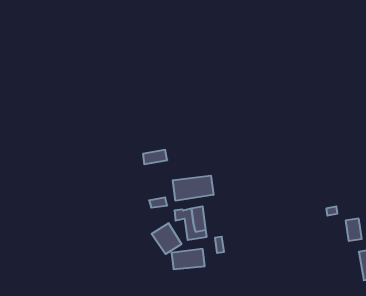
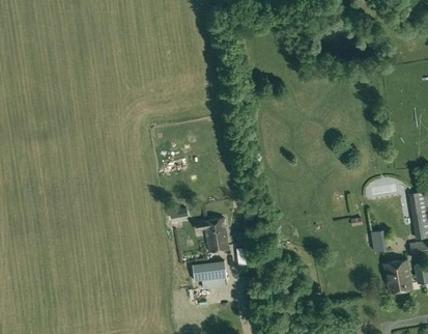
building: [173,176,213,201] -> none
building: [152,223,181,254] -> none

